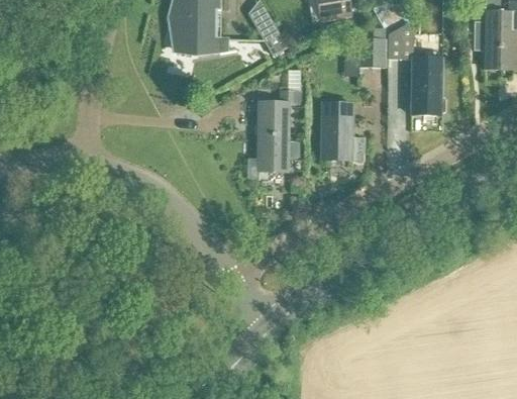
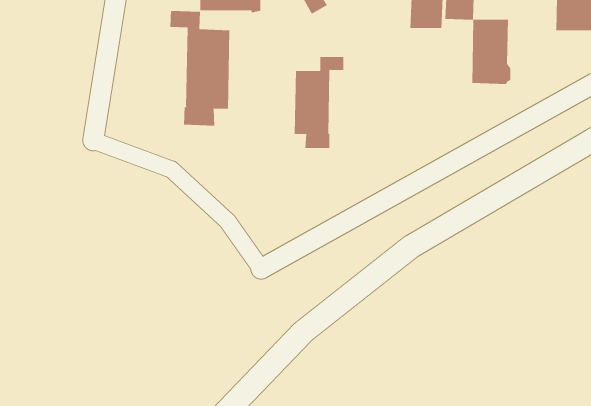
building: none -> [170,10,230,126]
building: [320,103,364,160] -> none

